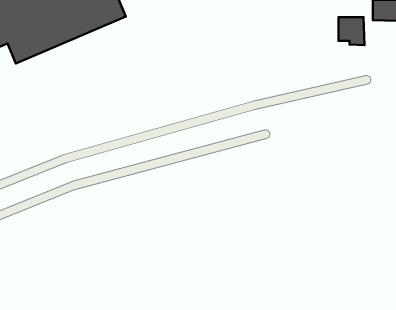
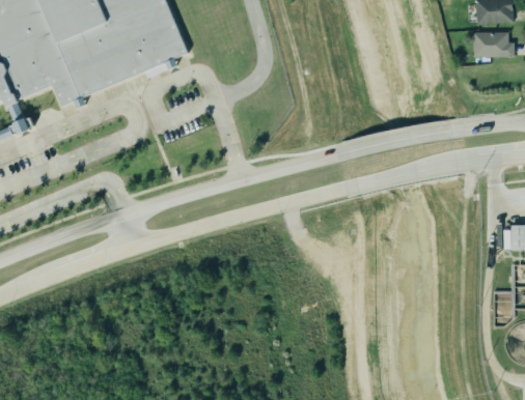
building: [338,17,365,45] -> none

